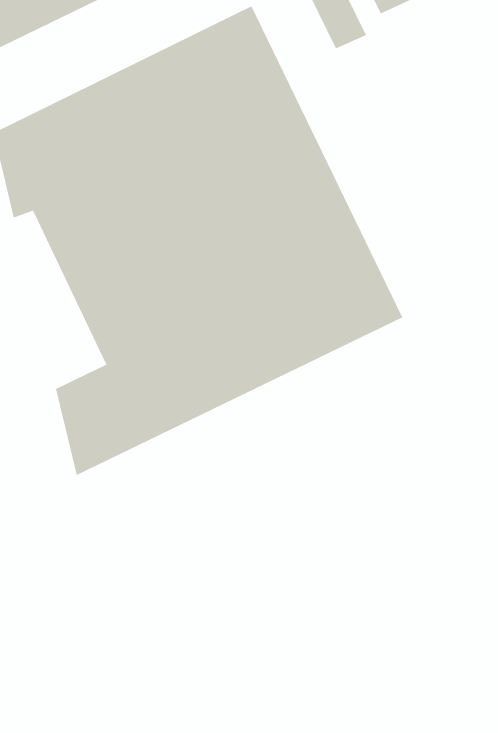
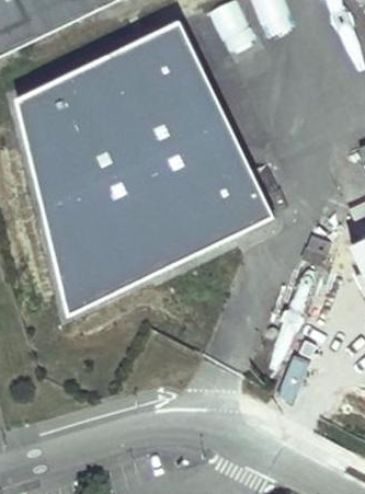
building: none -> [30,148,88,260]

